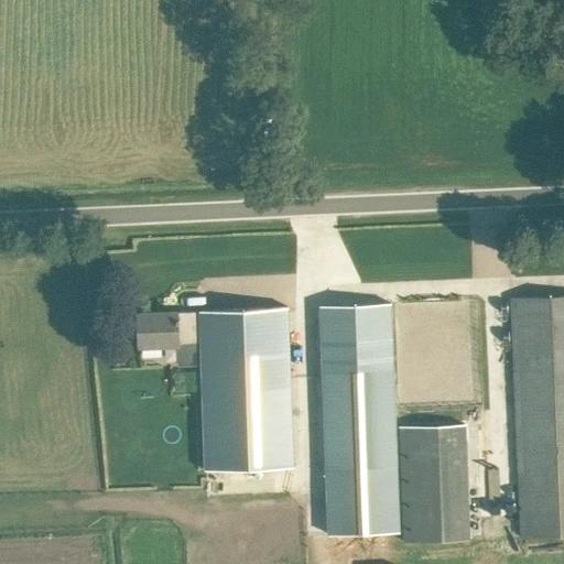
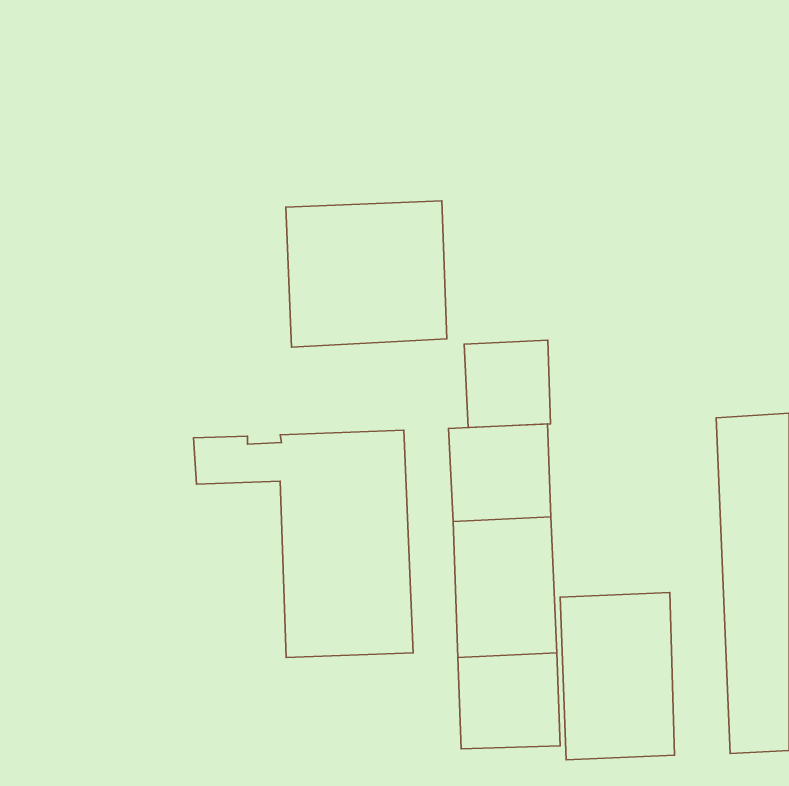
building: none -> [286,201,447,347]
building: none -> [464,340,551,428]

